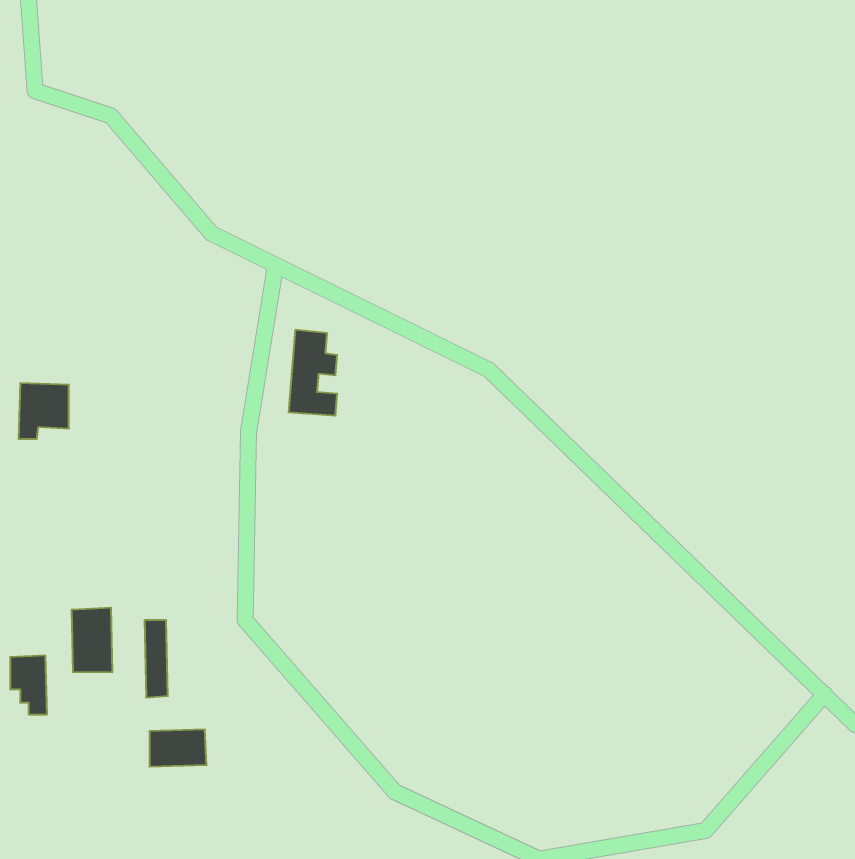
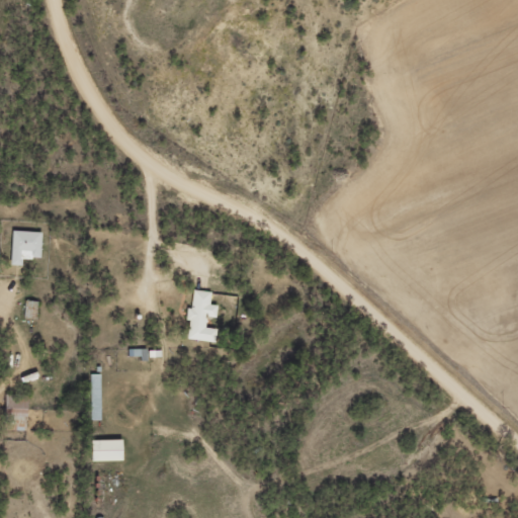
building: [289,330,337,416] -> [188,289,218,341]
building: [72,607,112,672] -> none

